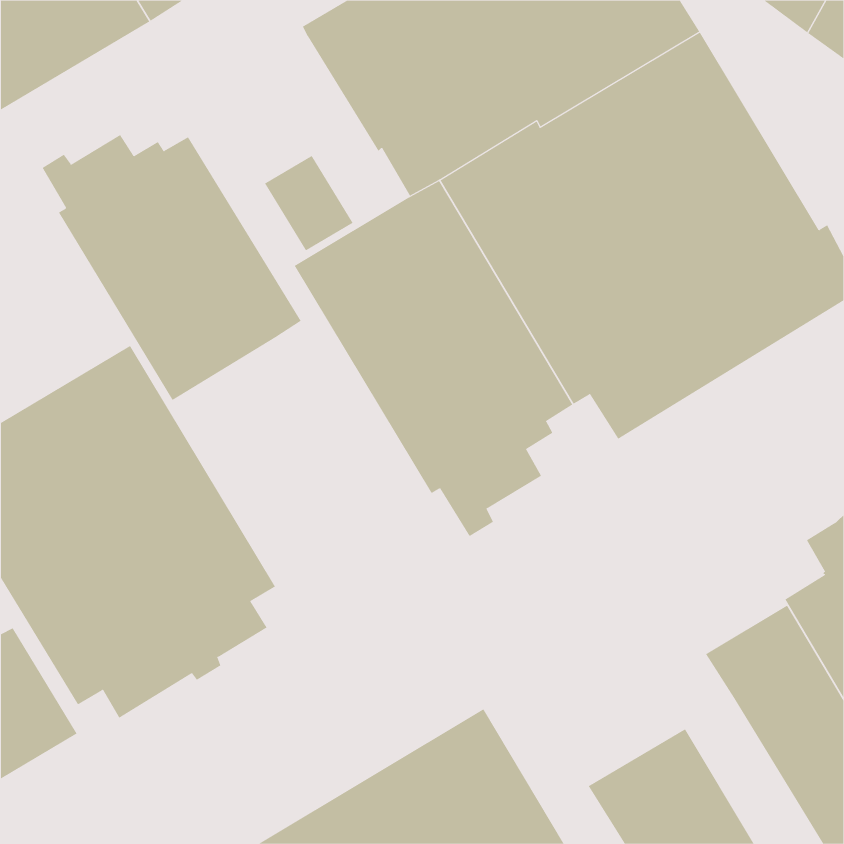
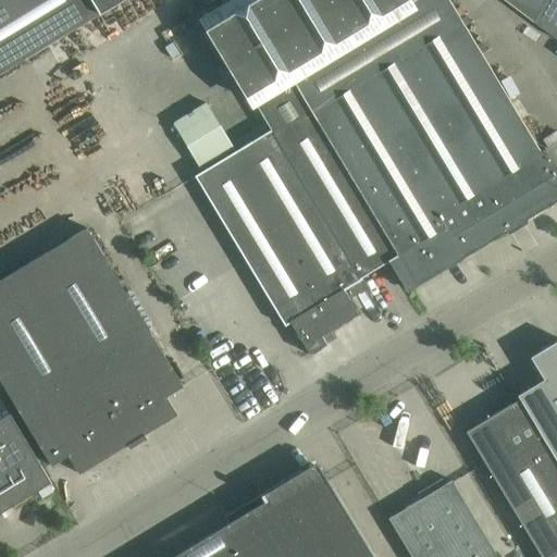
building: [42,134,302,401] -> none

